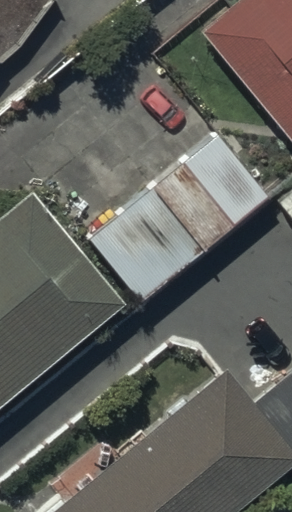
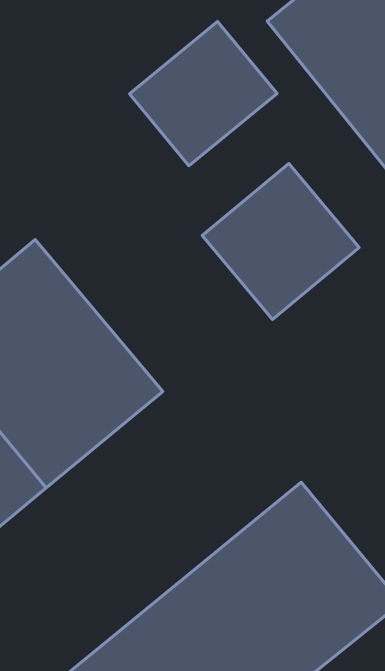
building: none -> [129,22,277,166]
building: [89,188,206,303] -> none

